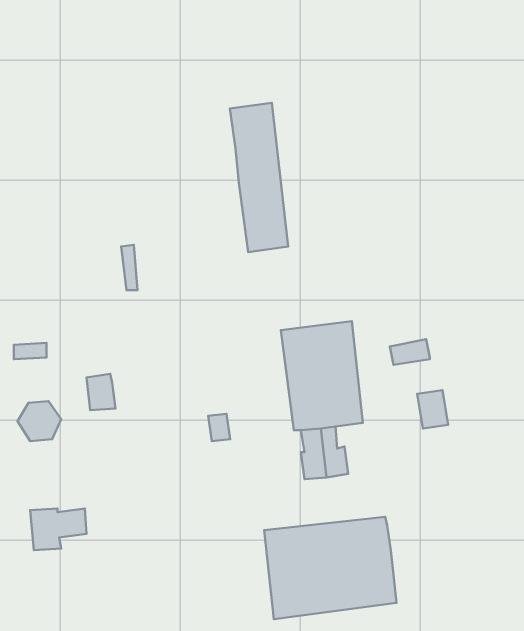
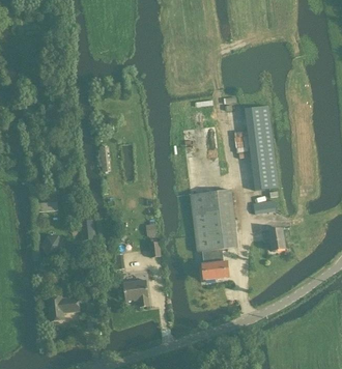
building: [230,103,288,252] -> [245,105,278,190]
building: none -> [123,279,149,306]
building: [264,517,396,619] -> none

